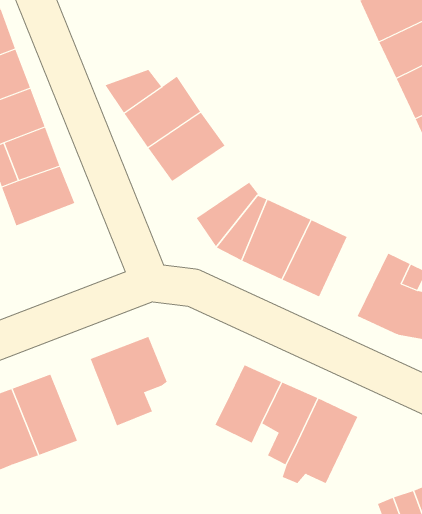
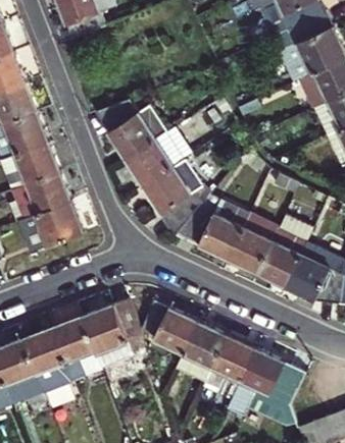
building: none -> [142,156,201,211]
building: none -> [21,200,81,245]
building: none -> [254,210,312,285]
building: none -> [142,301,197,353]
building: none -> [50,318,100,380]
building: none -> [259,362,305,426]

